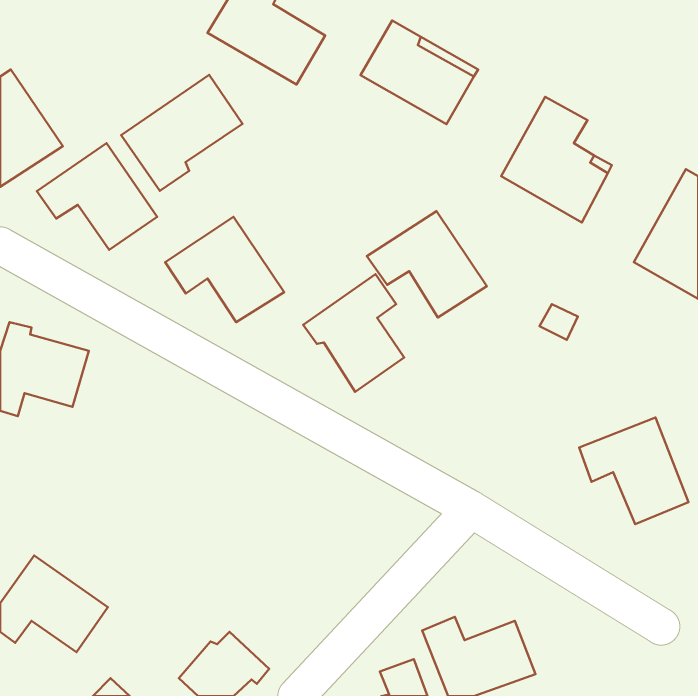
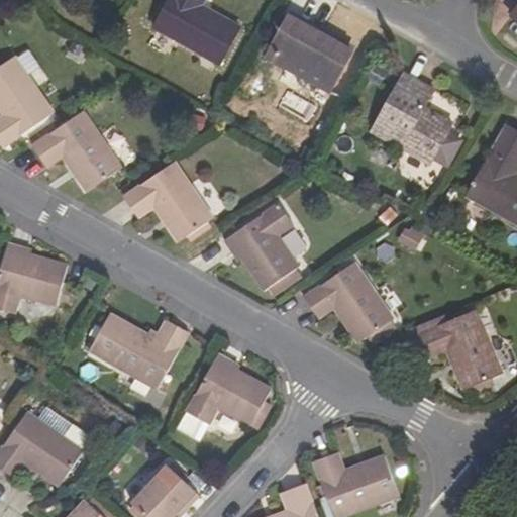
building: [121,75,243,191] -> none
building: [367,211,487,317] -> [302,264,391,342]
building: none -> [91,314,190,388]
building: none -> [187,352,272,424]

